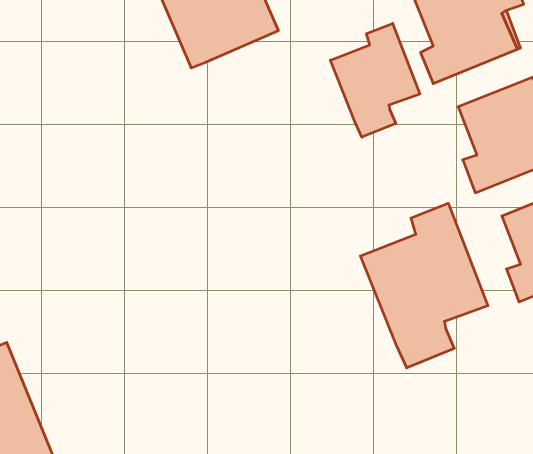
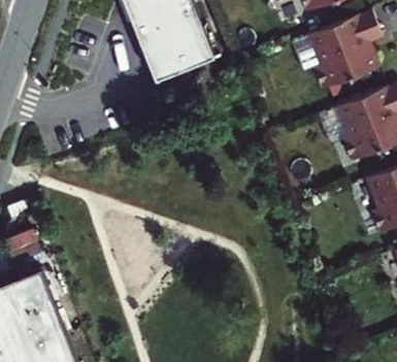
building: [330,23,420,137] -> none
building: [360,203,488,368] -> none

